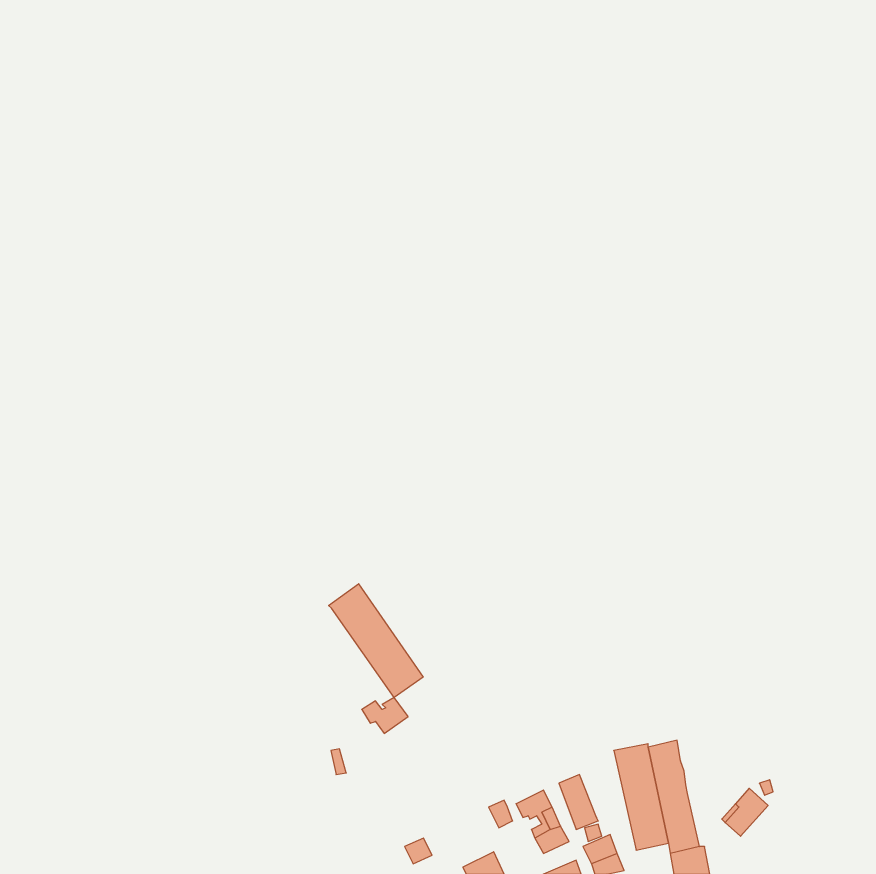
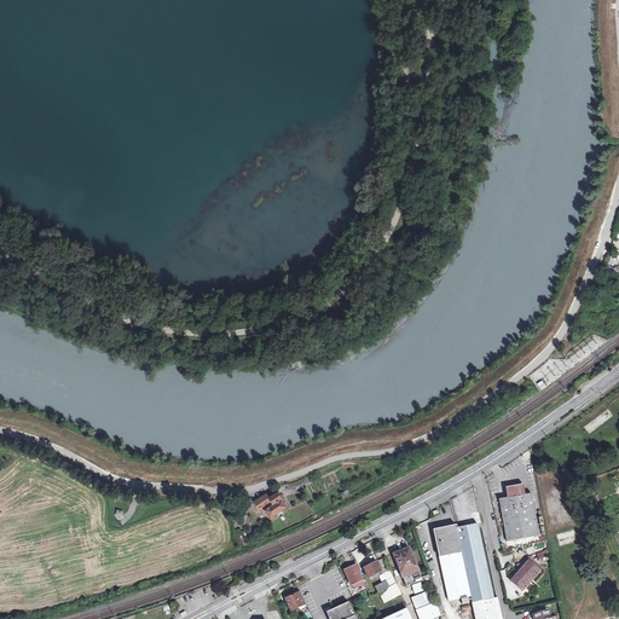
building: [329,584,423,697] -> none
building: none -> [499,485,539,540]

